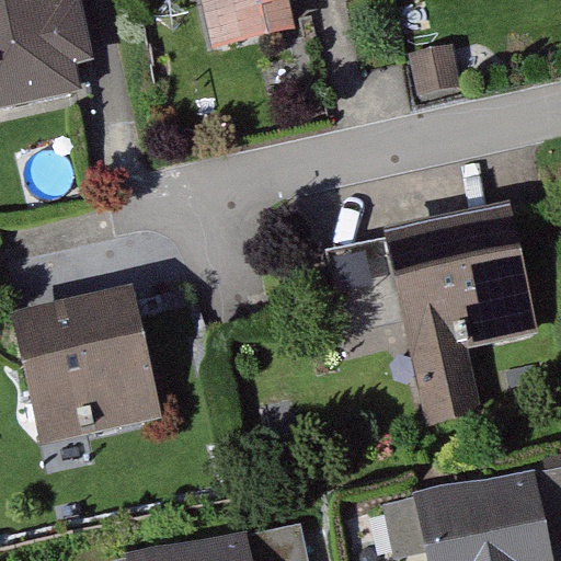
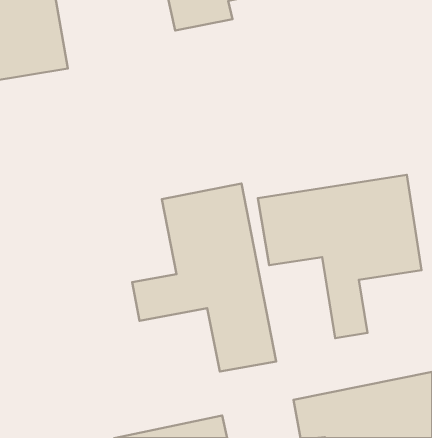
building: none -> [132,184,276,372]
building: [42,297,172,442] -> none

